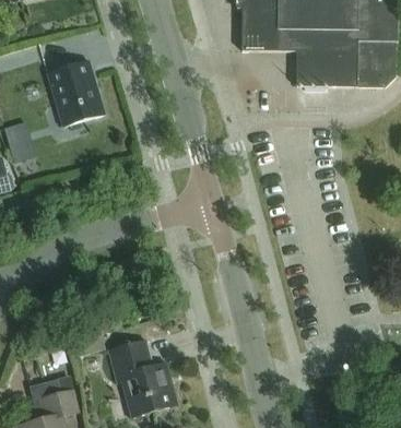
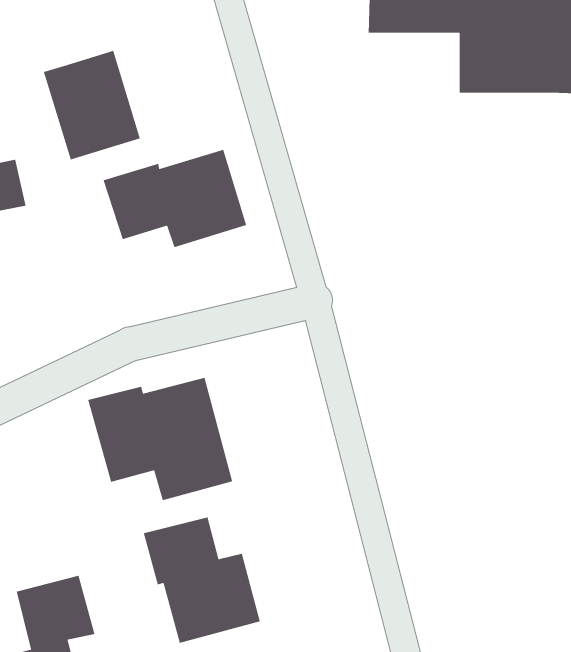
building: none -> [102,149,247,248]
building: none -> [87,377,233,501]

